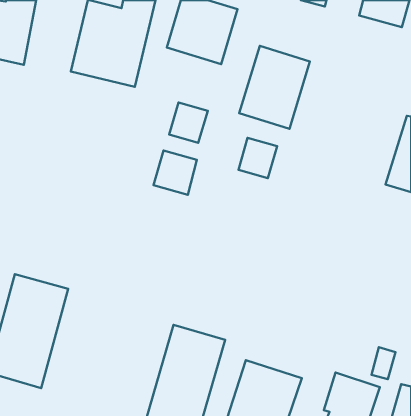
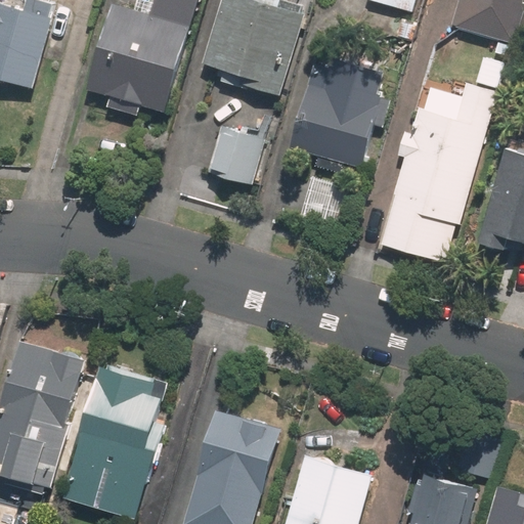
building: none -> [378,84,492,259]
building: [154,150,197,195] -> none
building: none -> [63,367,171,519]

